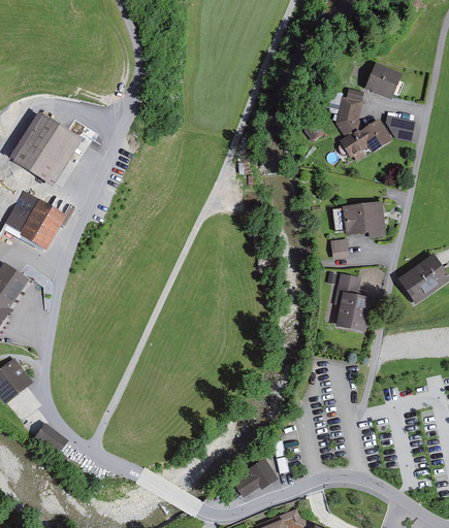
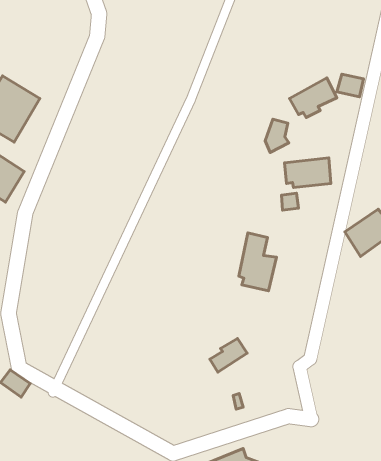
building: [364,64,398,97] -> none
building: [339,98,363,133] -> [265,119,289,153]
building: [331,272,371,333] -> [239,233,276,291]
building: [237,458,277,493] -> [210,339,247,372]

